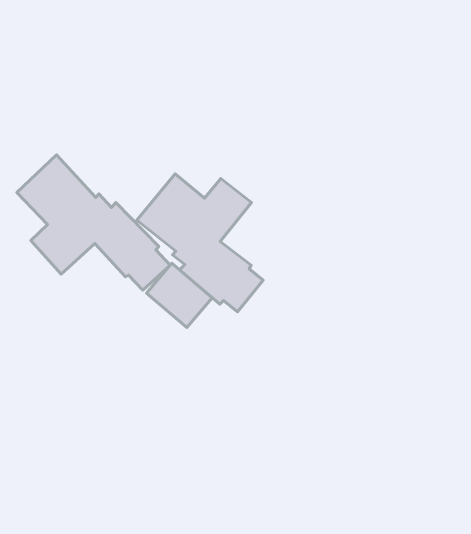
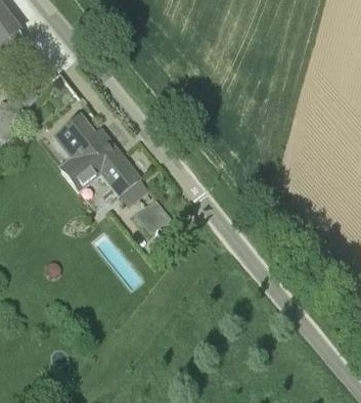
building: [137,174,263,312] -> none

